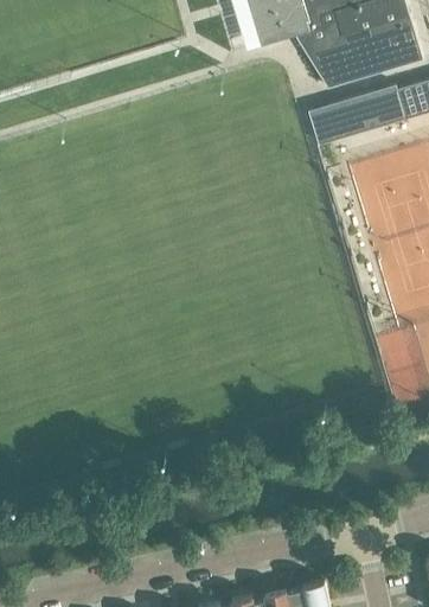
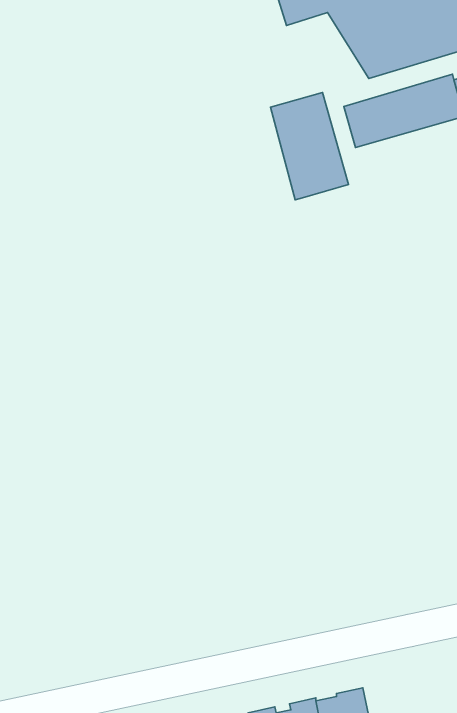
building: none -> [271,92,349,200]

